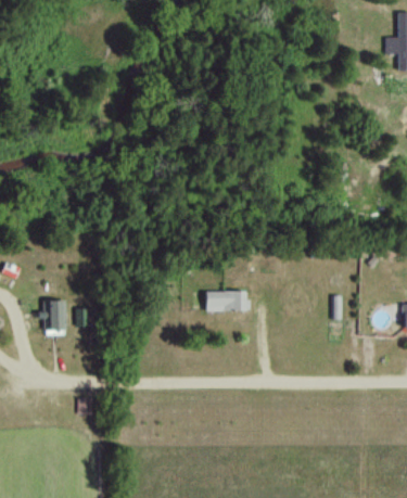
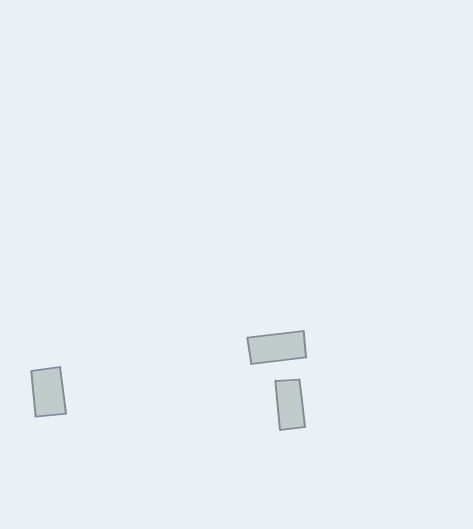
building: none -> [276,379,305,430]

